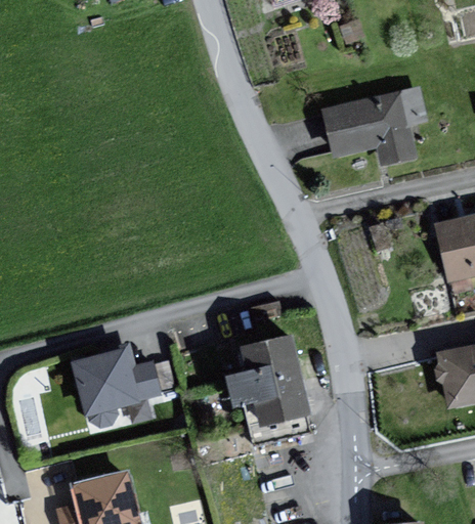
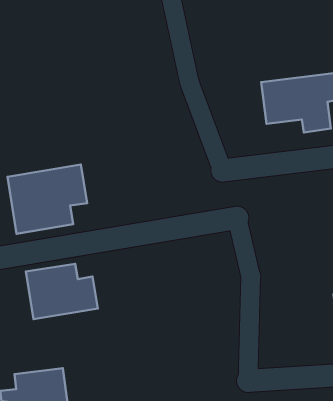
building: none -> [7,165,87,234]
building: [222,337,305,427] -> none

